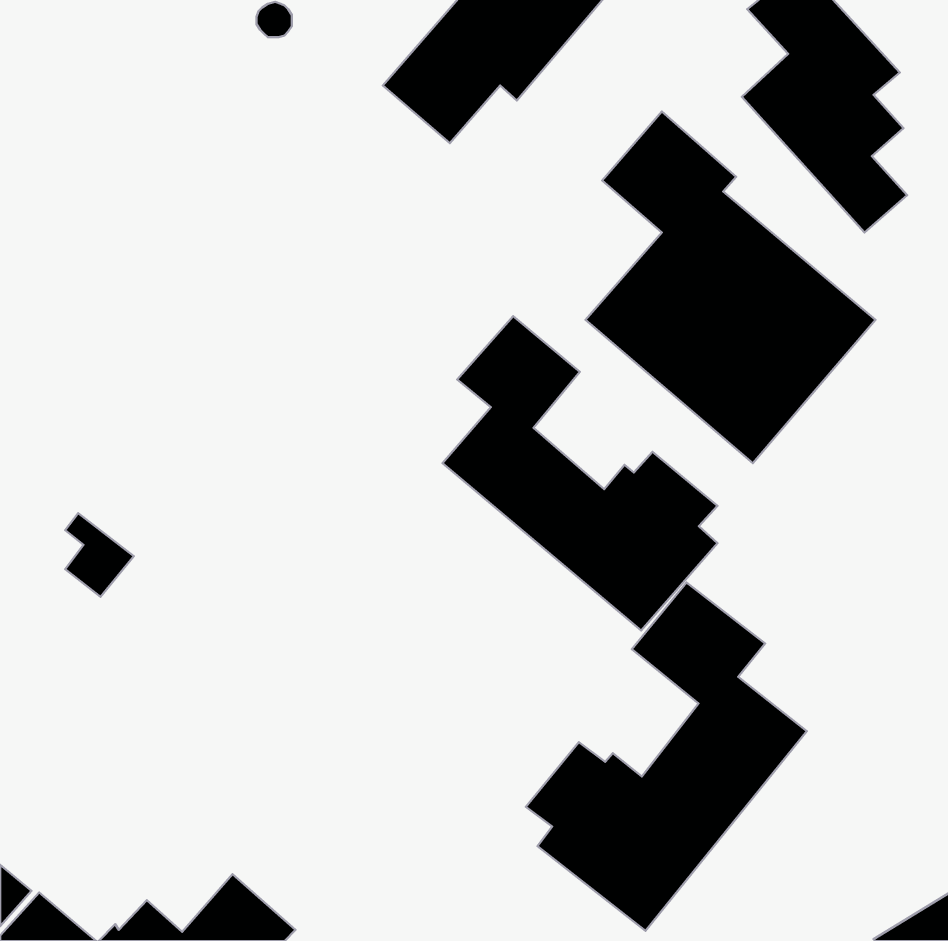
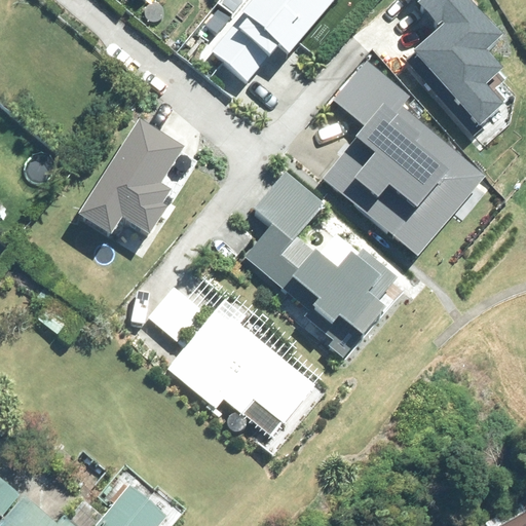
building: none -> [77,119,182,235]
building: none -> [166,303,317,435]
building: [526,582,807,931] -> none

